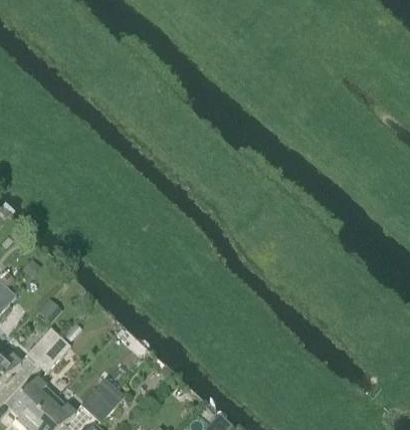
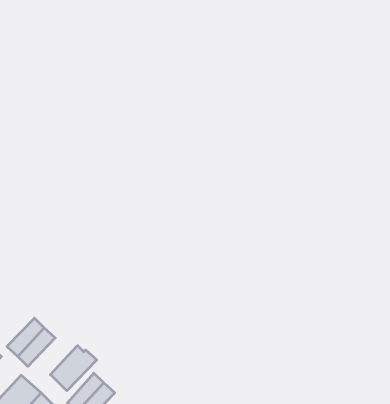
building: none -> [50,346,97,391]

